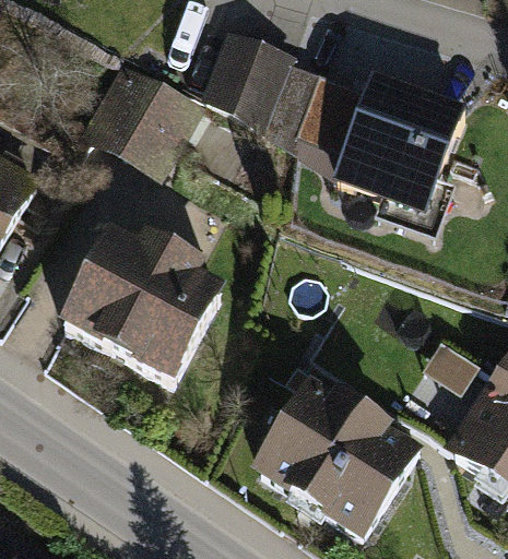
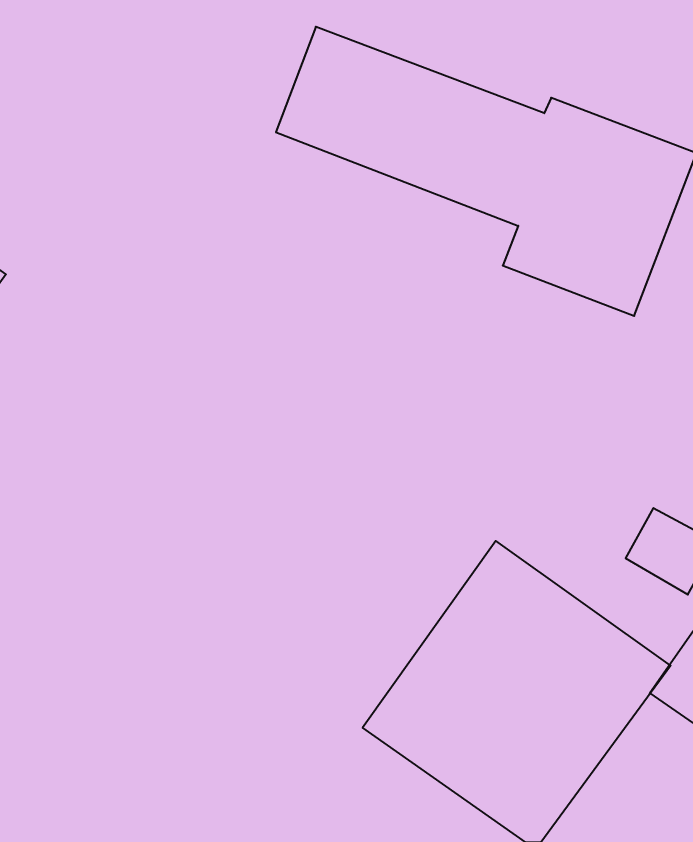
building: [64,56,198,183] -> none
building: [61,225,231,383] -> none

